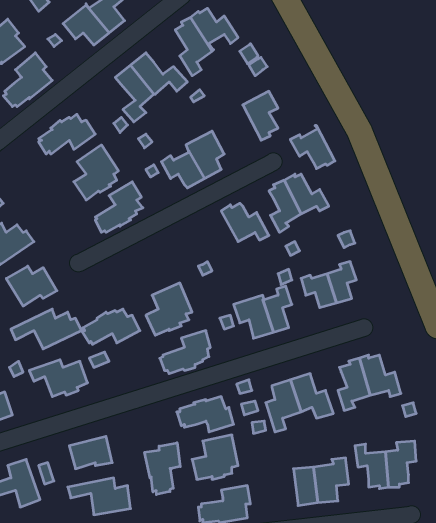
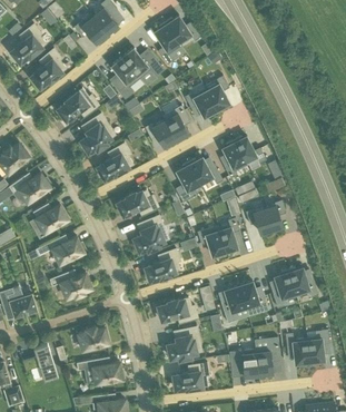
building: [290,126,335,169] -> [185,86,217,117]
building: none -> [175,163,200,202]
building: [82,309,140,344] -> [116,189,158,215]
building: [145,443,180,495] -> none

